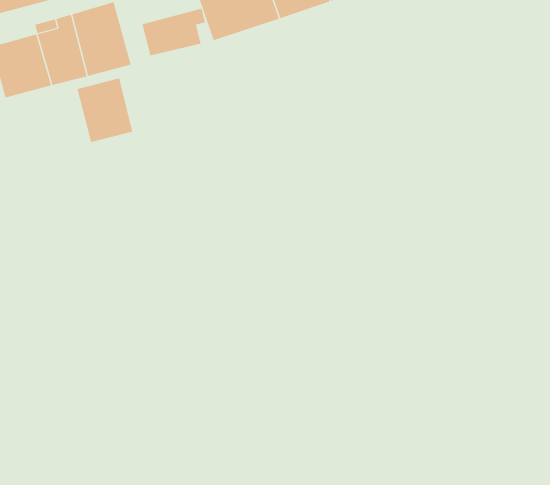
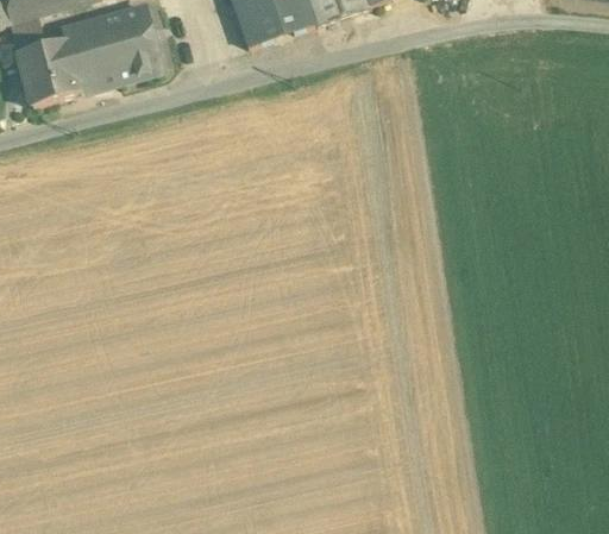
building: [142,8,205,56] -> none
building: [77,77,133,143] -> none

